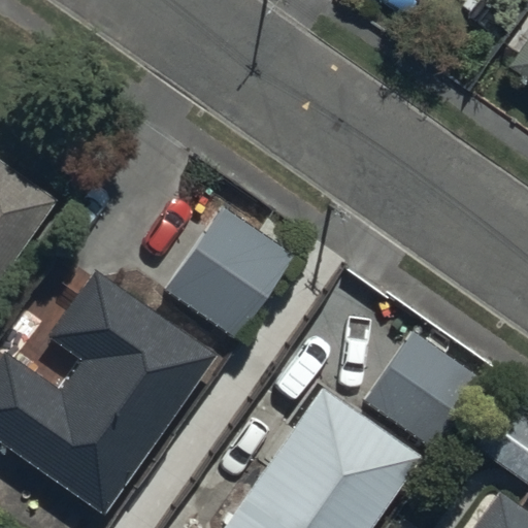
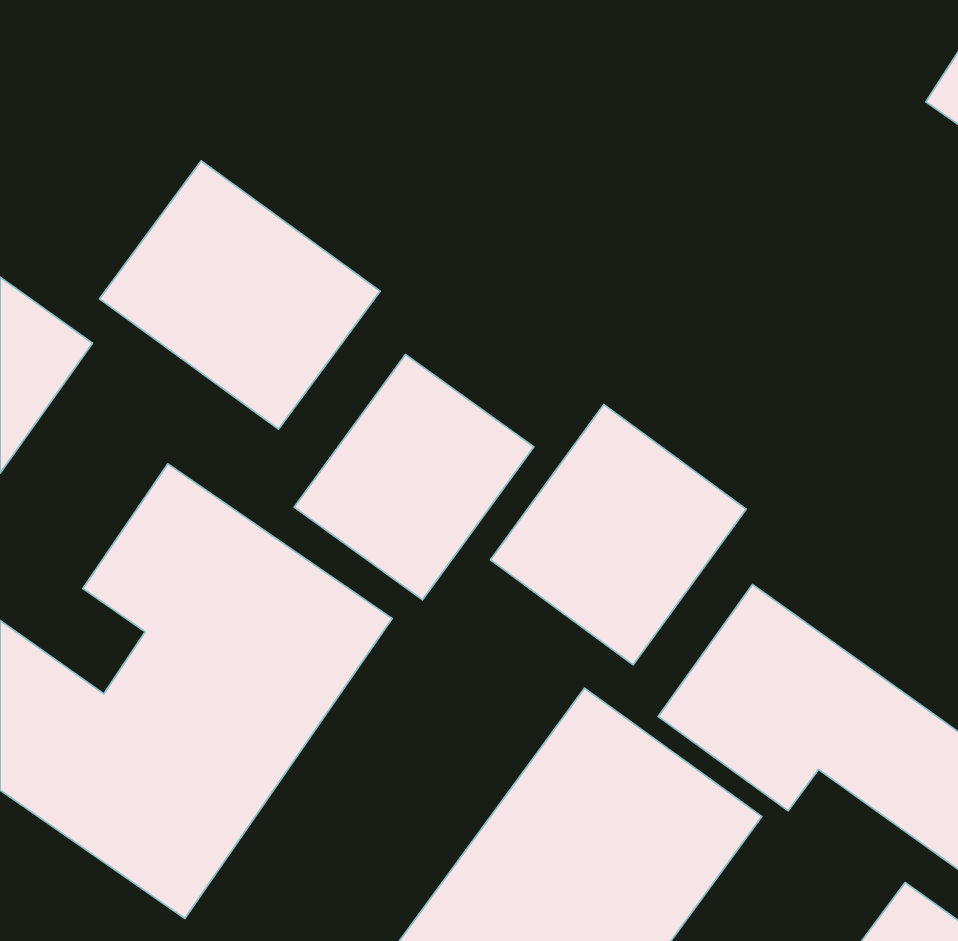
building: none -> [100,161,380,429]
building: none -> [490,404,746,665]

